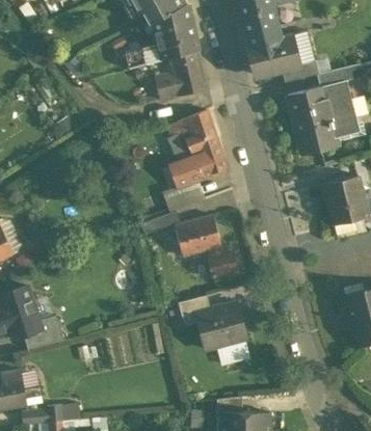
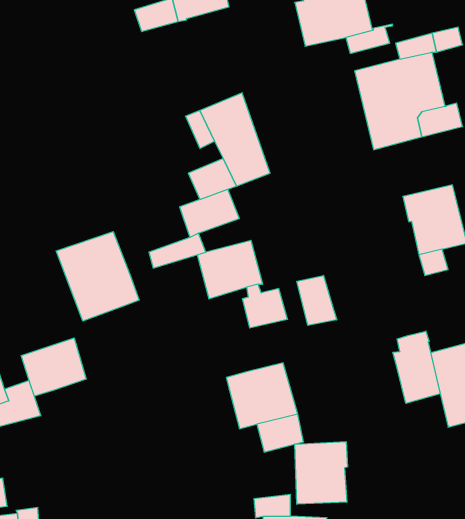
building: [154,48,208,100] -> none
building: none -> [56,232,139,321]
building: none -> [297,275,337,325]
building: none -> [393,331,440,403]
building: none -> [21,338,86,396]
building: [178,294,210,324] -> none
building: none -> [295,442,347,504]

